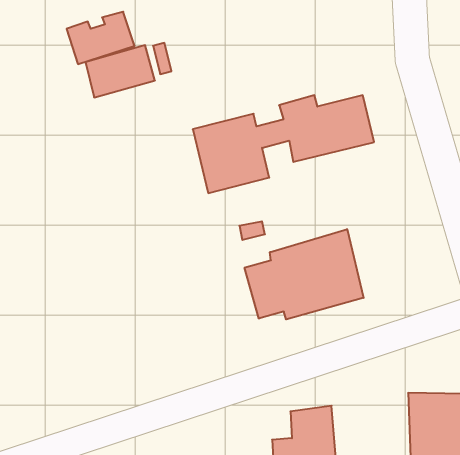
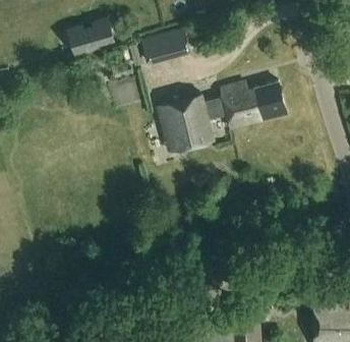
building: [86,45,155,97] -> [141,28,191,66]
building: [245,229,364,319] -> none

